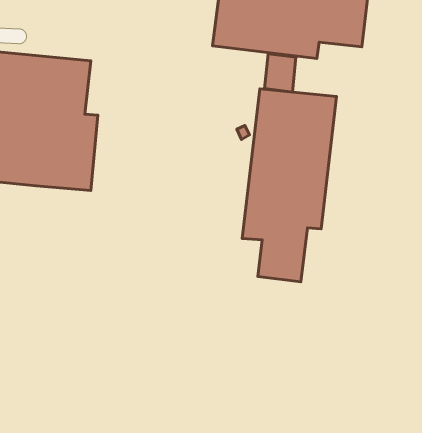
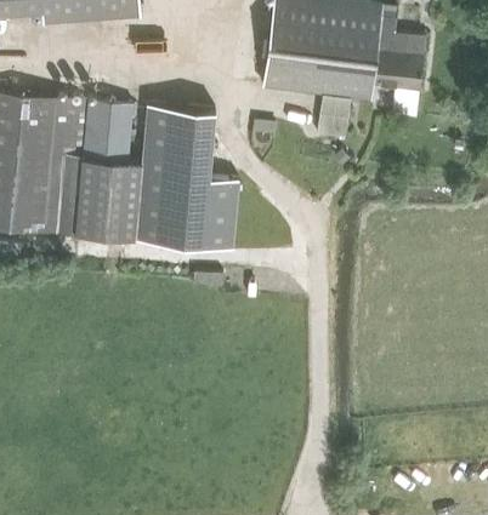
building: none -> [135,105,238,250]
building: [242,89,336,282] -> none

